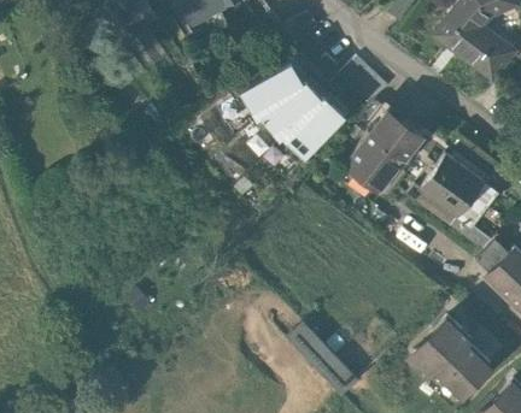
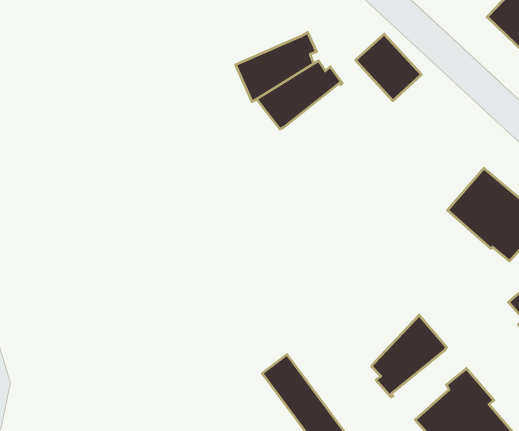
building: [283,100,347,160] -> none
building: [344,114,425,199] -> none
building: none -> [372,315,447,397]

